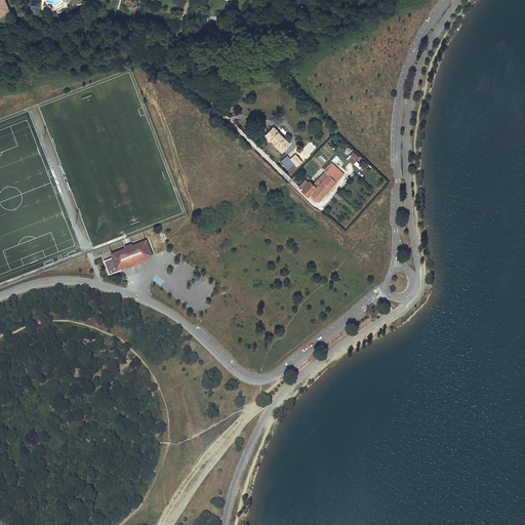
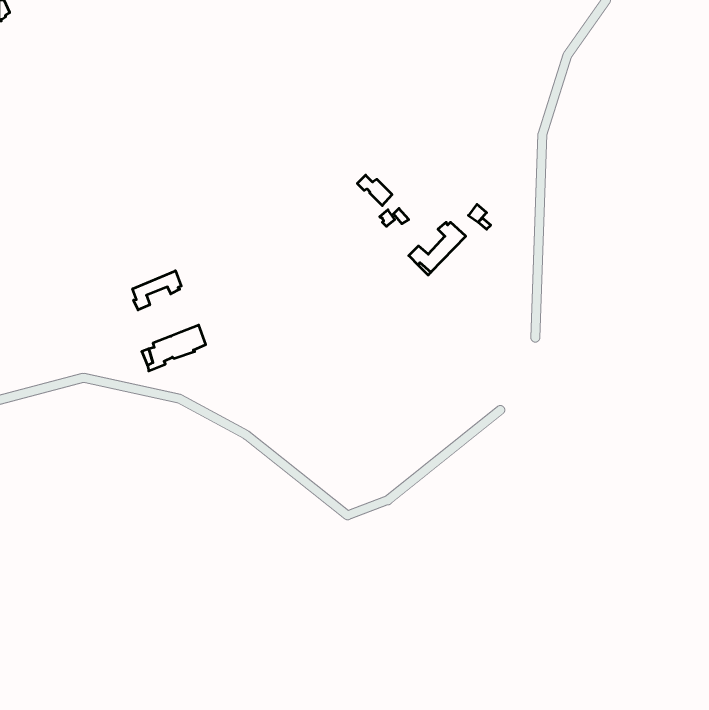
building: none -> [133,271,181,310]

